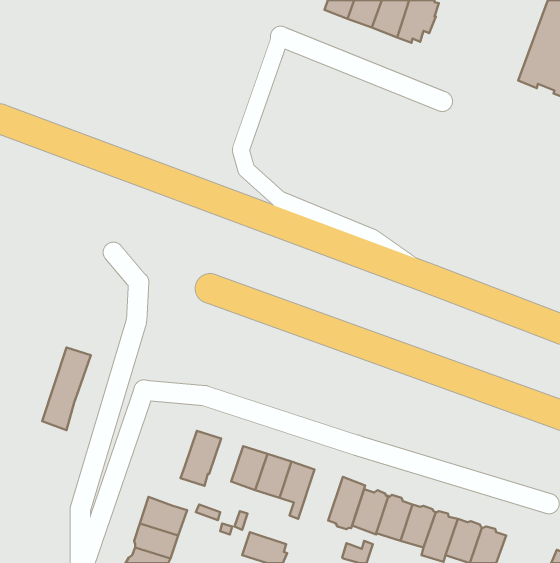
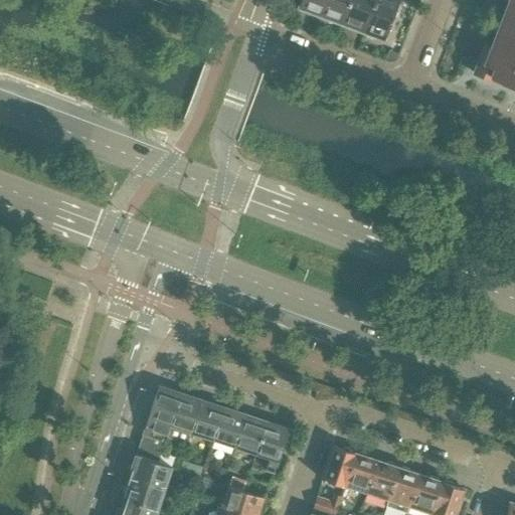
building: [42,347,91,430] -> [138,386,182,462]
building: none -> [193,400,224,440]
building: [328,477,365,529] -> none

